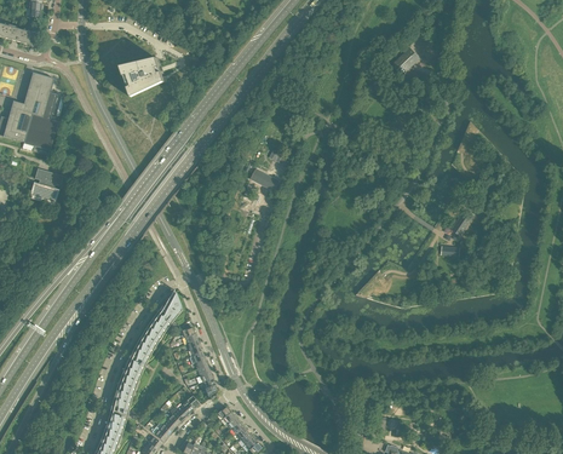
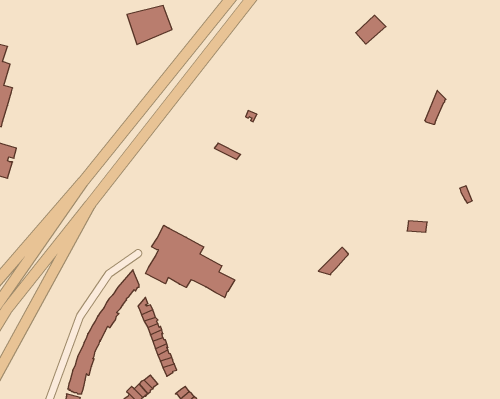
building: [120,57,163,94] -> [127,6,172,45]
building: none -> [146,225,235,298]

